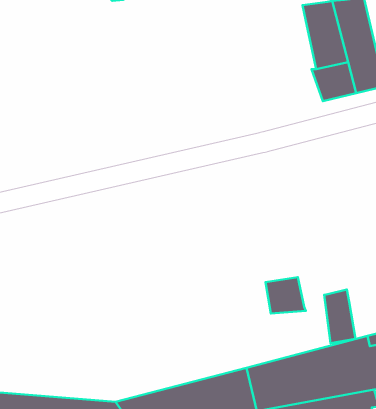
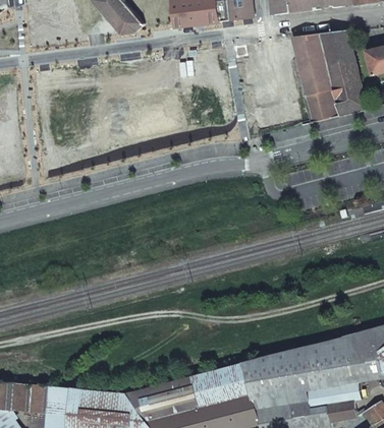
building: [266,277,306,314] -> none
building: [324,289,356,343] -> none

